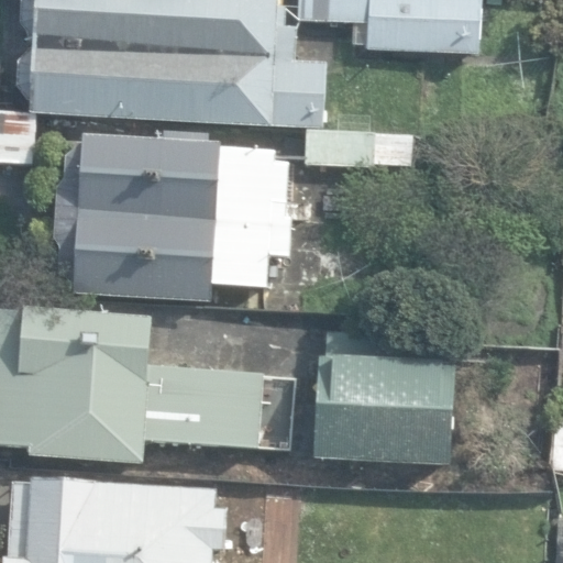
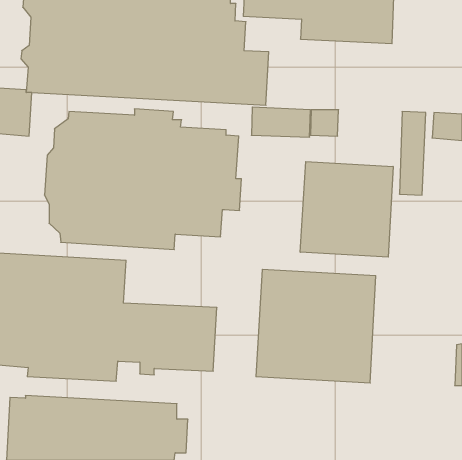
building: none -> [300,162,393,257]

